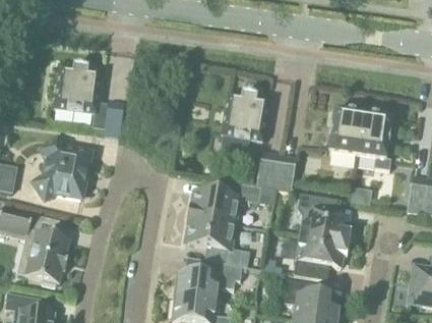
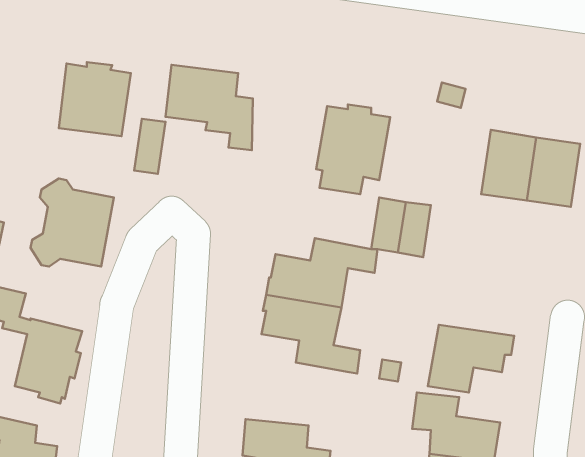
building: none -> [165,65,253,150]
building: [298,194,352,243] -> none
building: [176,258,243,301] -> none

